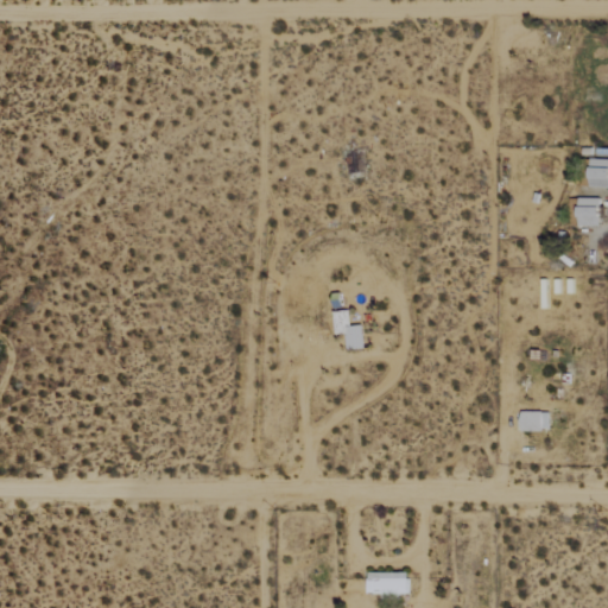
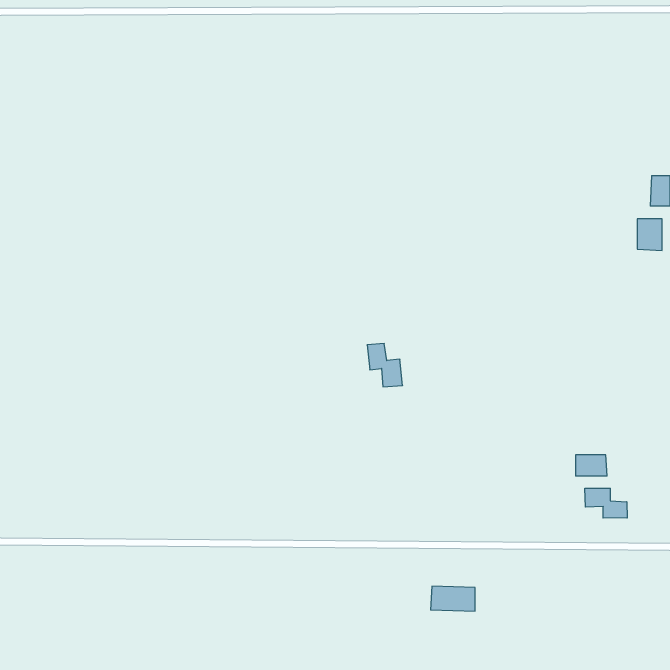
building: none -> [585,488,627,518]
building: [367,571,407,594] -> [431,586,475,611]

